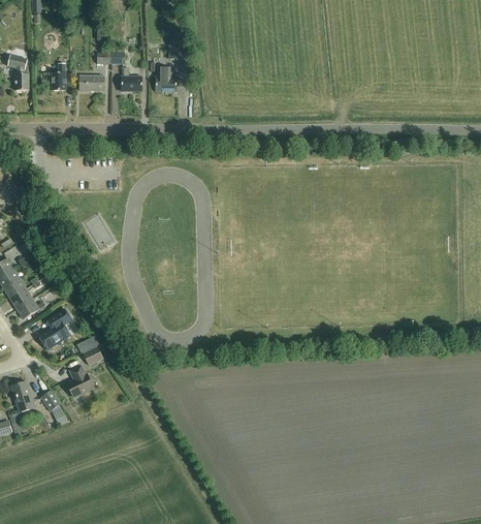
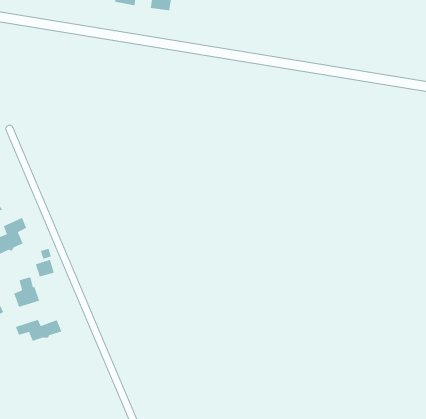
building: none -> [15,319,62,342]

